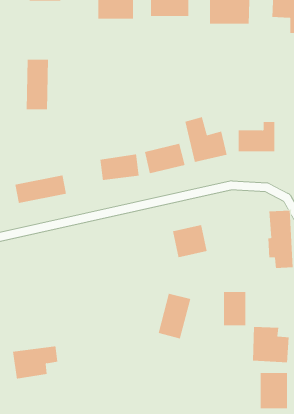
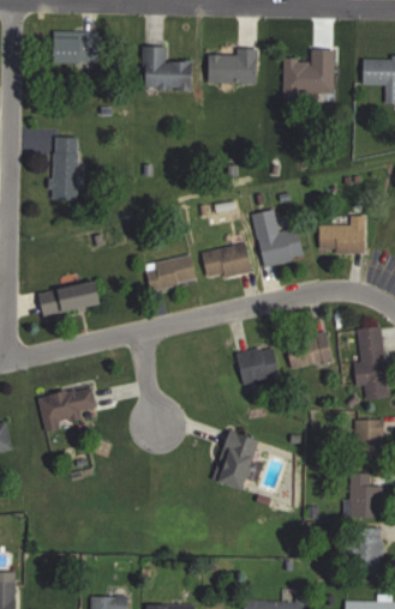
building: none -> [283,330,334,369]
building: [223,292,246,326] -> [353,418,382,462]
building: [12,346,58,379] -> [37,388,95,430]

